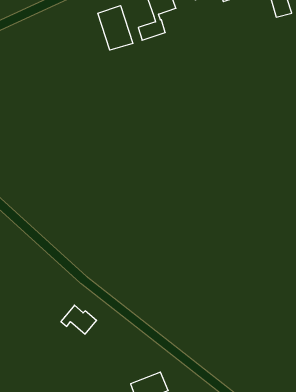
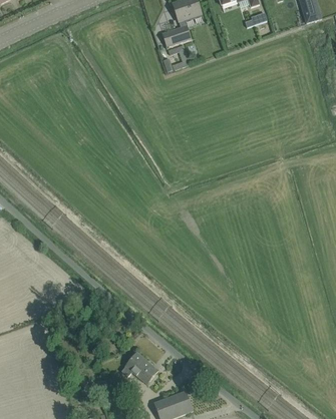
building: [98,6,133,50] -> none
building: [61,305,97,334] -> [121,354,158,384]

